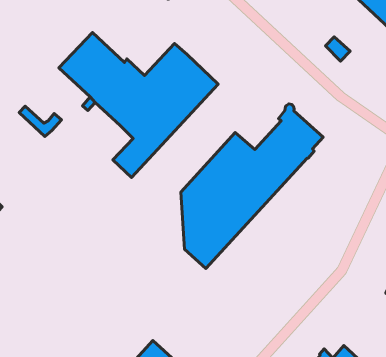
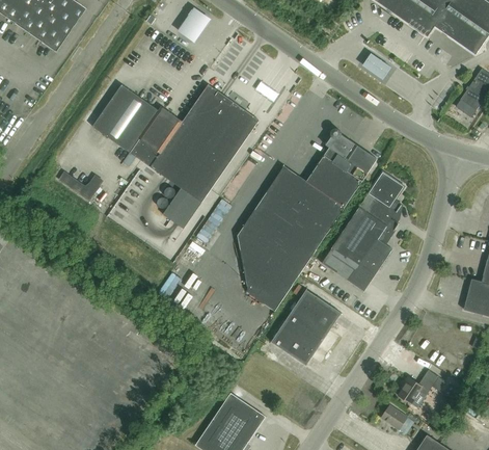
building: none -> [322,174,403,291]
building: none -> [271,289,341,365]

